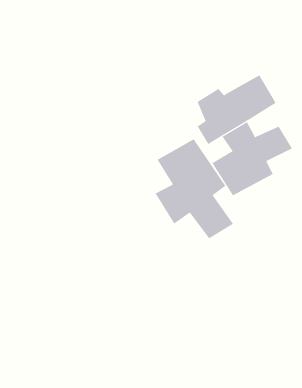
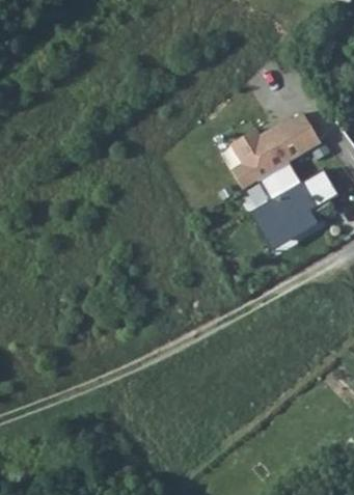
building: [155,139,234,239] -> none

